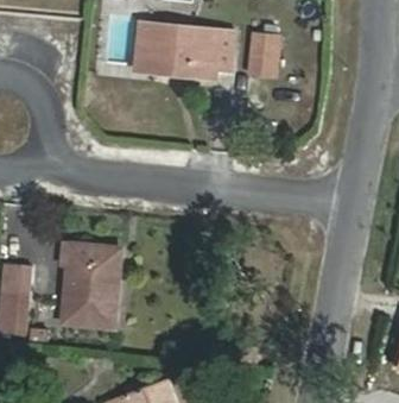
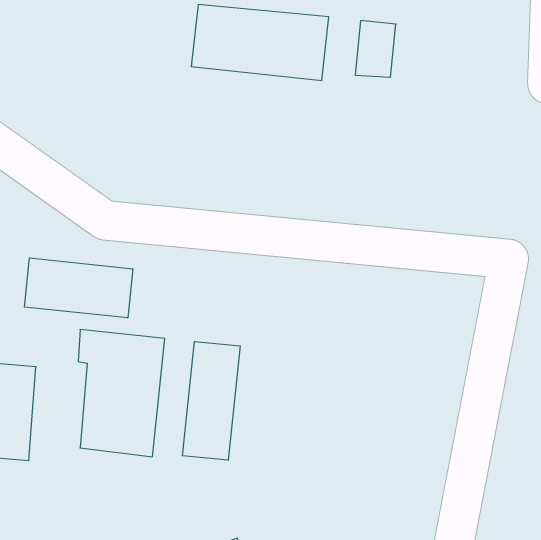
building: none -> [25,258,133,318]
building: none -> [183,341,240,460]

